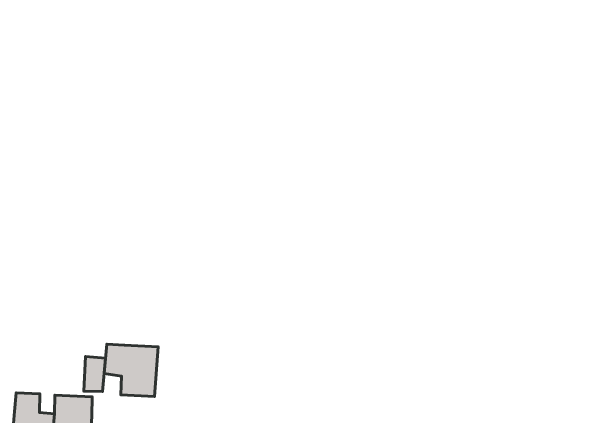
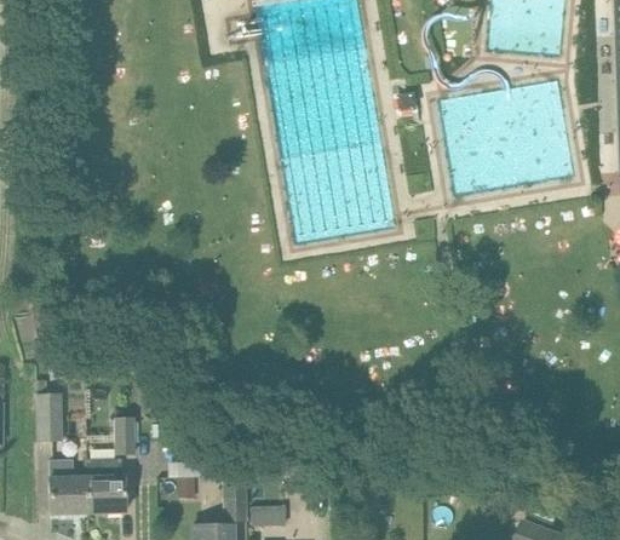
building: none -> [39,393,68,441]
building: [104,344,158,396] -> none

